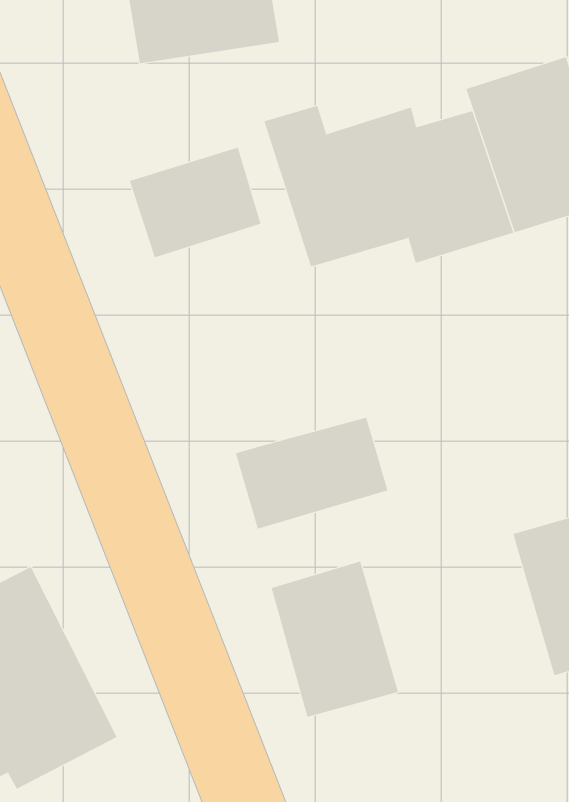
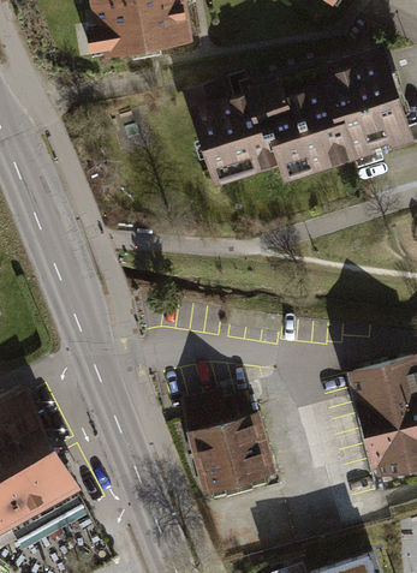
building: [129,147,261,258] -> none
building: [235,417,388,530] -> none

